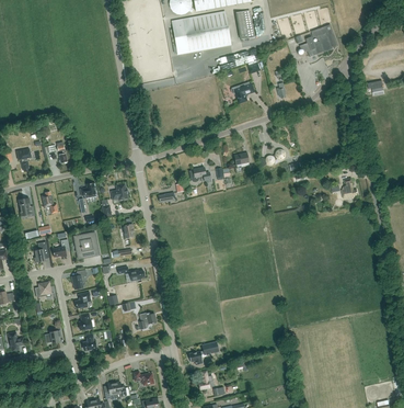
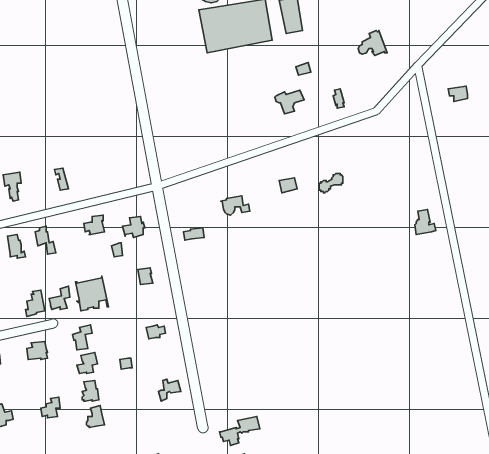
building: [311,24,337,55] -> none

